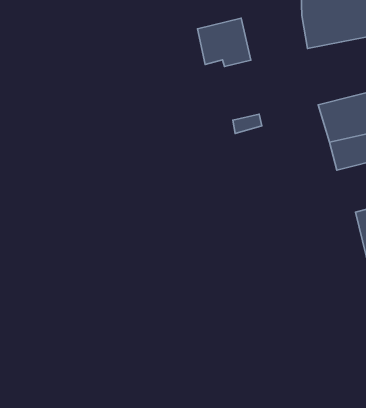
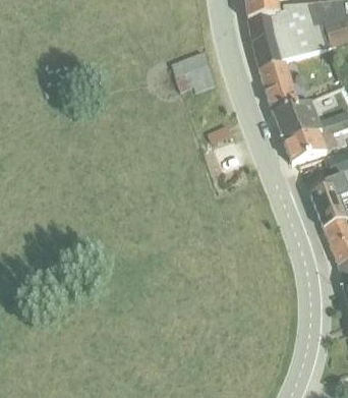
building: none -> [258,60,299,112]

